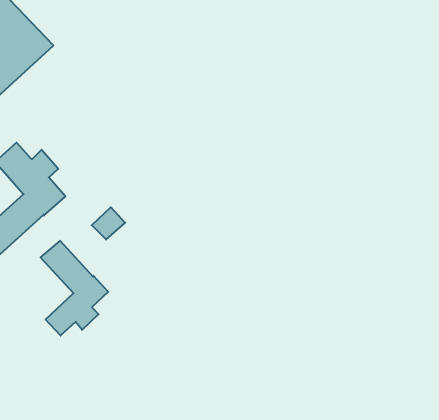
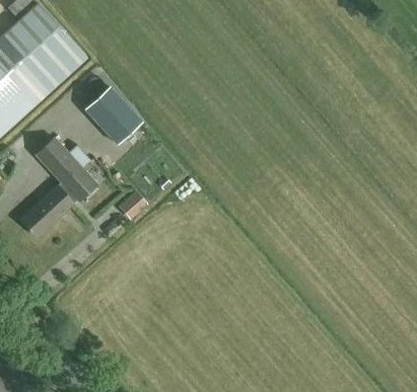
building: none -> [83,91,139,147]
building: [41,241,108,336] -> none

